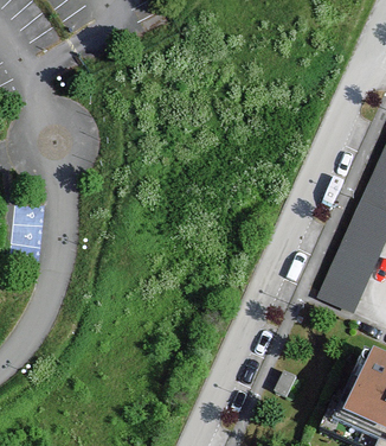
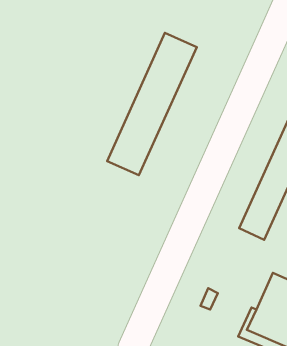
building: none -> [107,33,197,175]

